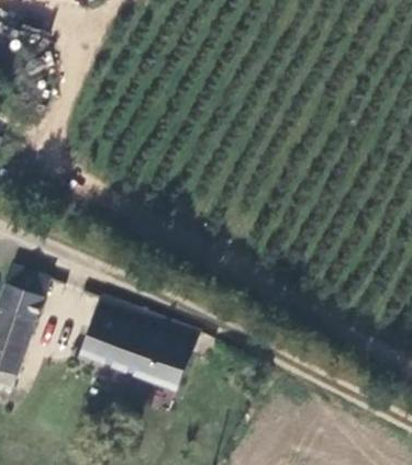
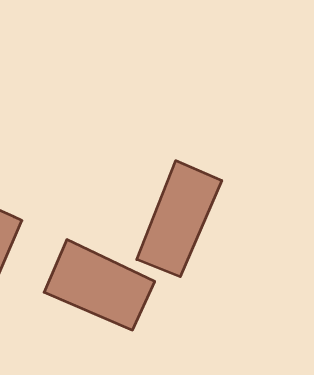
building: none -> [137,161,222,277]

